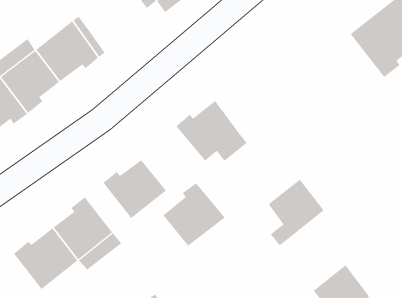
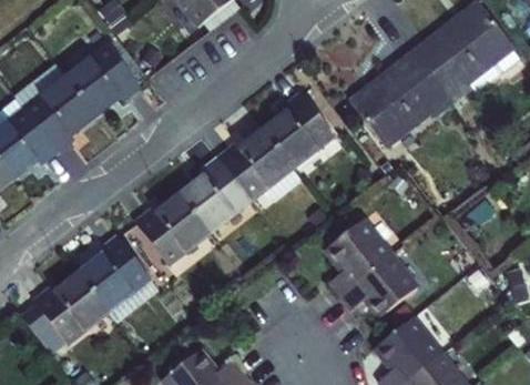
building: none -> [356,52,457,146]
building: none -> [265,92,335,165]
building: [162,183,226,247] -> [181,158,253,231]
building: none -> [338,253,416,315]

